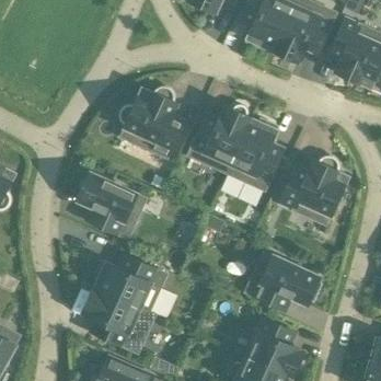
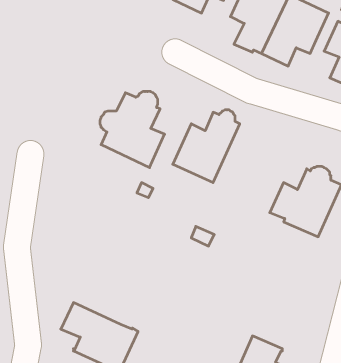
building: [227,118,282,192] -> none
building: [79,174,147,240] -> none
building: [245,253,321,310] -> none
building: [94,257,166,313] -> none

